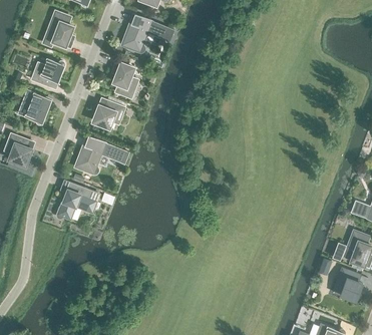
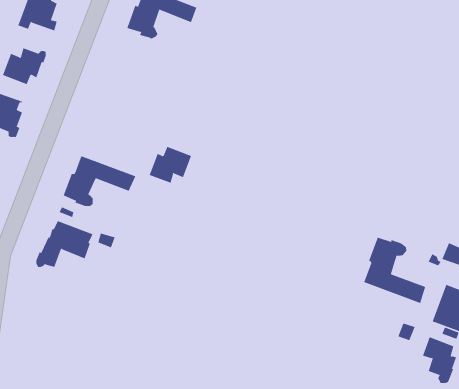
building: [113,60,137,97] -> none
building: [93,99,124,126] -> [149,146,192,183]
building: none -> [364,237,426,304]

